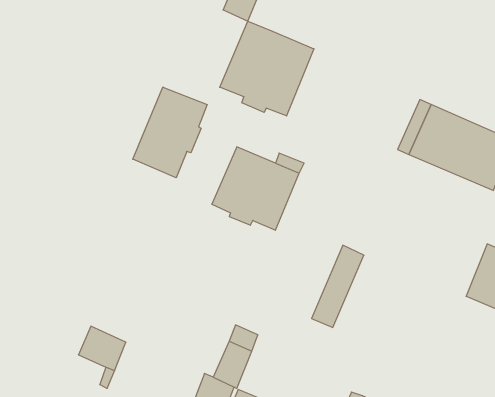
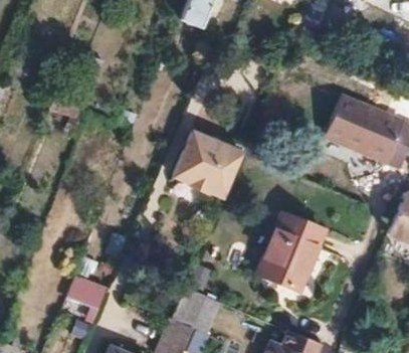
building: [220,21,314,116] -> none
building: [133,87,207,178] -> none
building: none -> [271,219,323,290]

